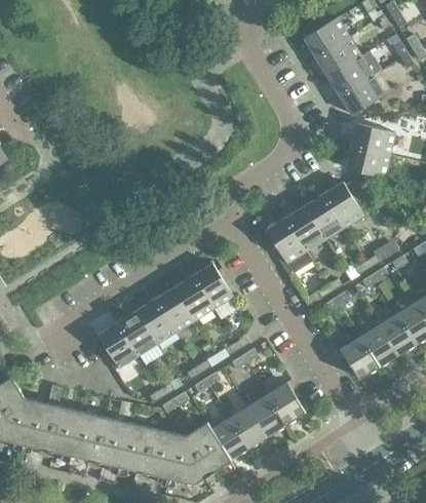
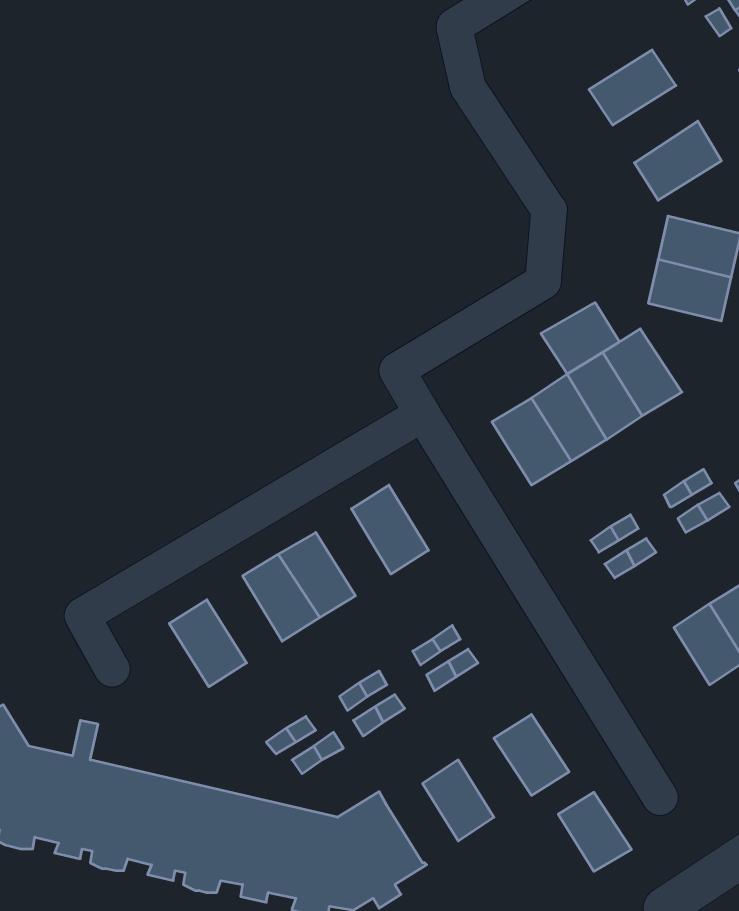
building: [303,17,348,57] -> none
building: [327,55,372,95] -> none
building: none -> [541,303,619,374]
building: [173,275,212,320] -> none
building: [117,310,156,355] -> none
building: [340,337,378,379] -> none
building: [247,394,285,435] -> [558,792,631,871]
building: [210,418,247,459] -> none

